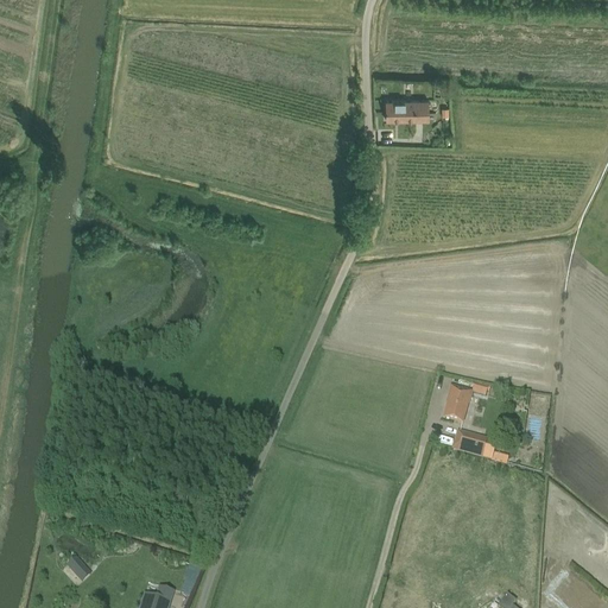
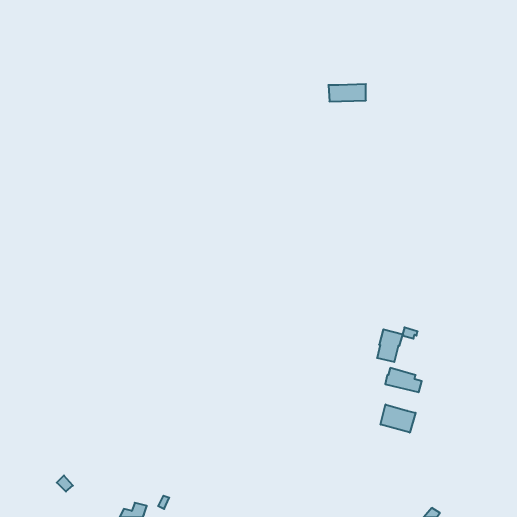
building: none -> [381,404,416,433]

